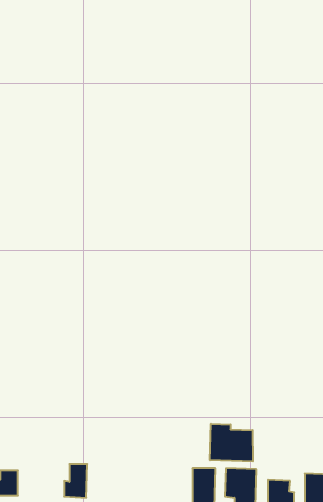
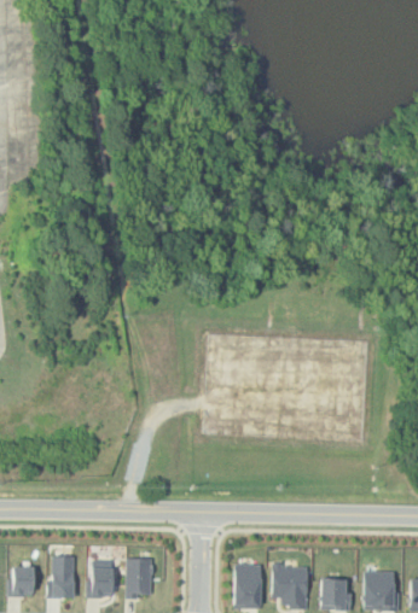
building: [210,424,253,461] -> none
building: none -> [52,555,75,597]
building: none -> [127,556,152,597]

